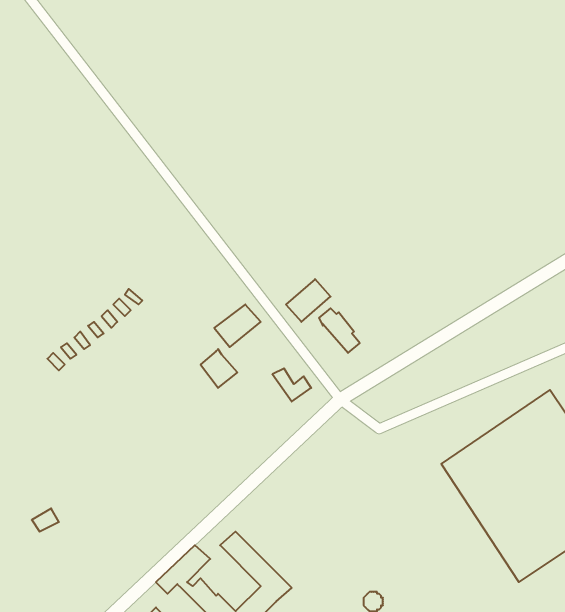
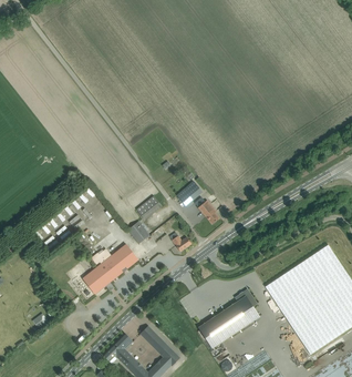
building: none -> [82,244,137,294]
building: none -> [198,289,258,347]

